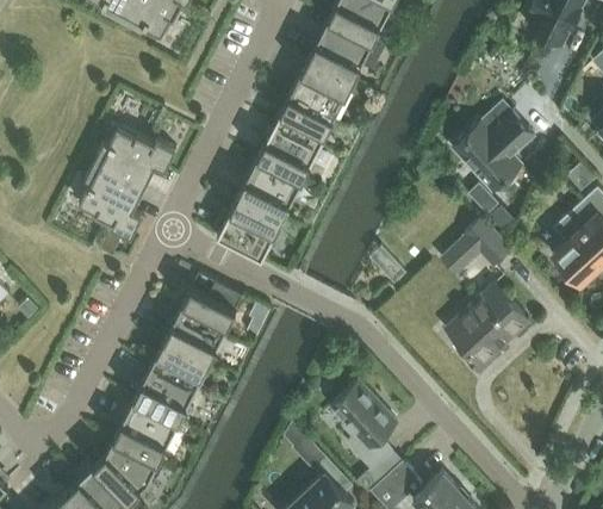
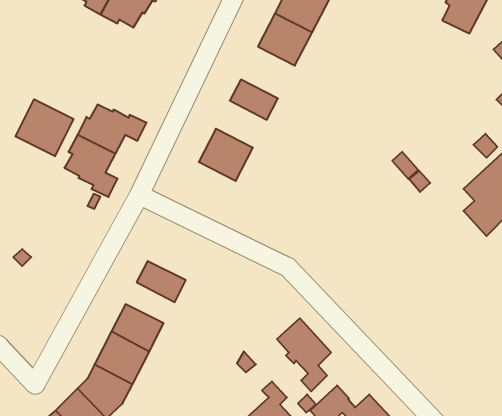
building: [290,58,354,120] -> none
building: [453,111,535,192] -> none
building: none -> [16,99,73,156]
building: [260,123,321,179] -> none
building: [218,195,284,260] -> none
building: [442,218,511,273] -> none
building: [179,273,244,336] -> none
building: [447,284,529,372] -> none
building: [153,339,211,387] -> none

